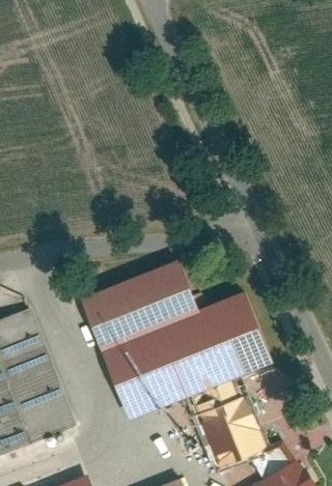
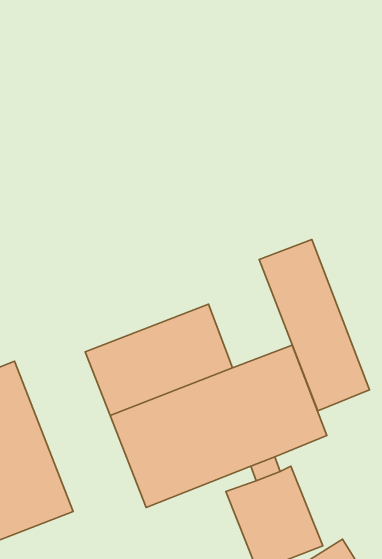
building: none -> [259,240,370,411]

